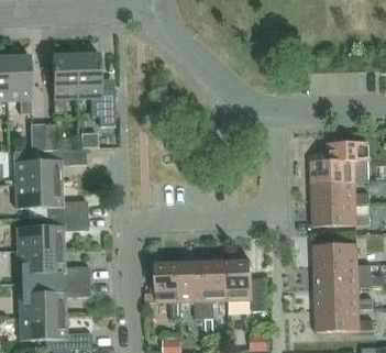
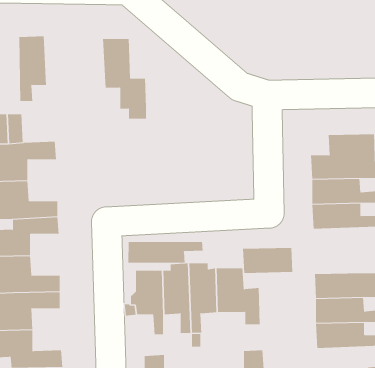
building: [75,55,114,126] -> [102,38,147,119]
building: none -> [128,241,203,264]
building: [312,243,357,266] -> [242,247,293,273]

